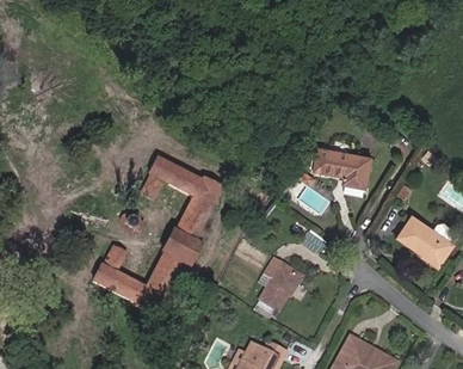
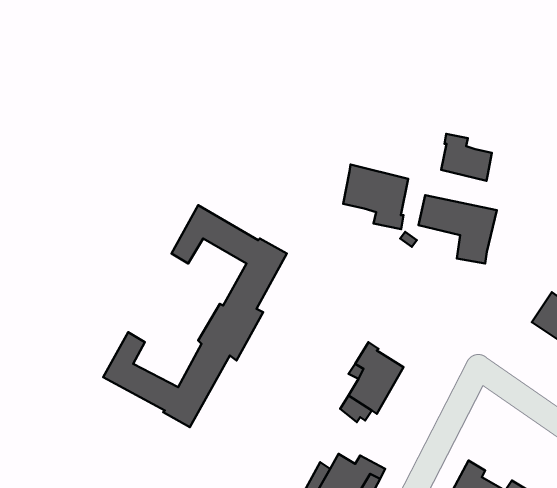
building: none -> [441,134,492,181]
building: none -> [343,165,408,229]

